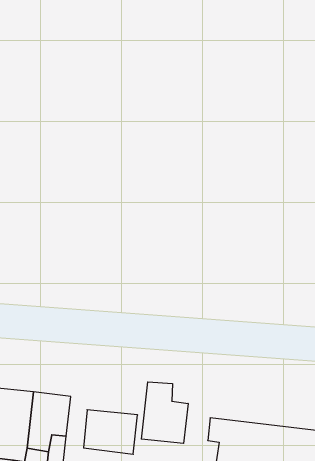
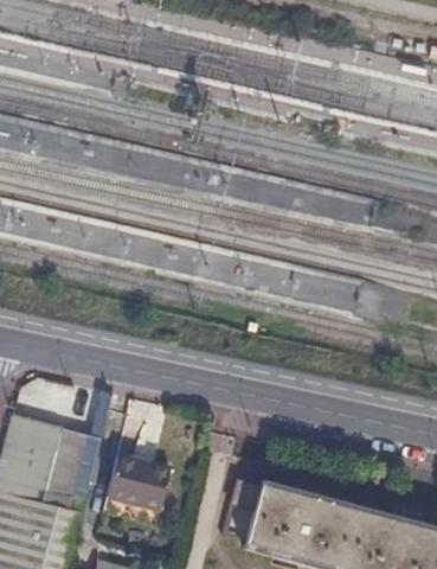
building: [141,382,188,443] -> none

